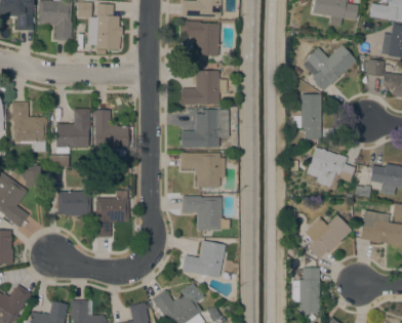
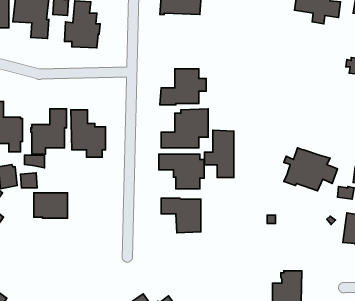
building: [182,21,219,55] -> none
building: [302,45,356,90] -> none
building: [292,93,321,139] -> [205,130,234,178]
building: [94,192,130,237] -> none
building: [306,214,352,258] -> none
building: [183,240,226,277] -> none

